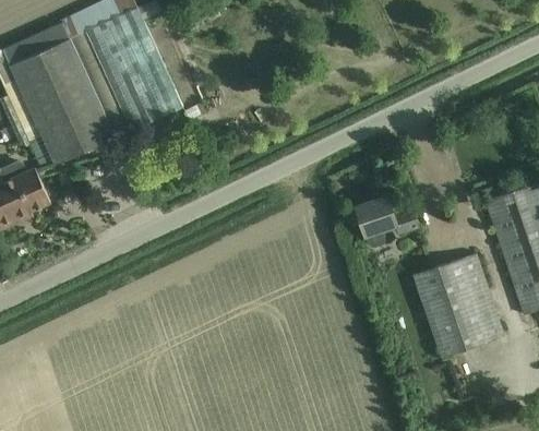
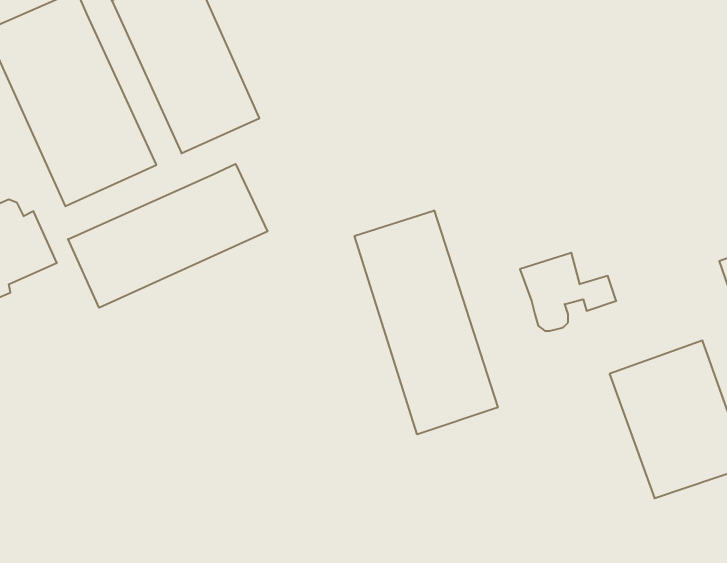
building: none -> [68,164,267,308]
building: none -> [355,210,498,434]

